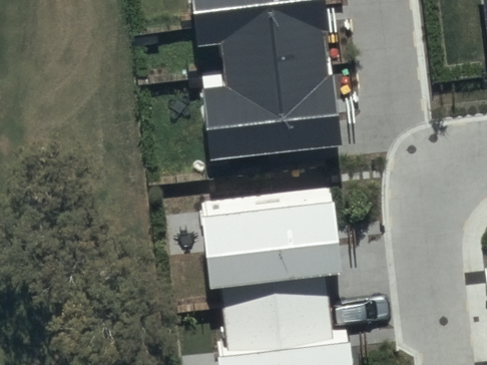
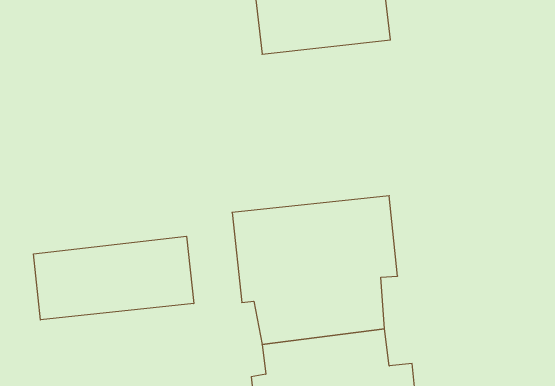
building: [203,70,342,158] -> none
building: none -> [34,236,194,320]

